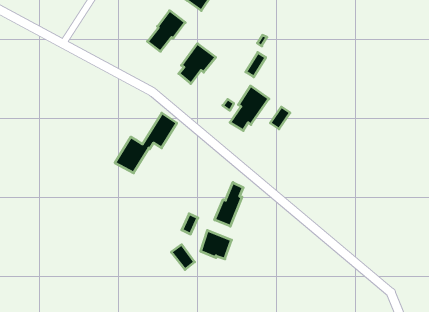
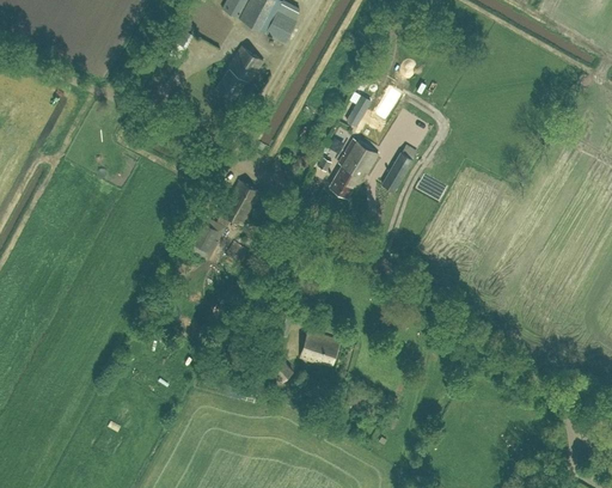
building: [179,44,216,84] -> none
building: [215,182,243,226] -> none

